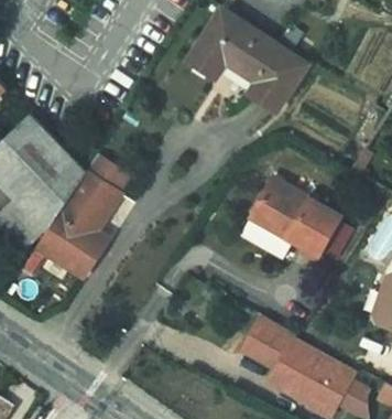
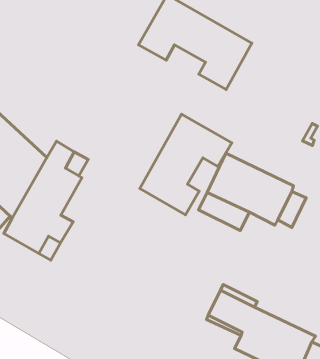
building: none -> [140,114,232,215]

